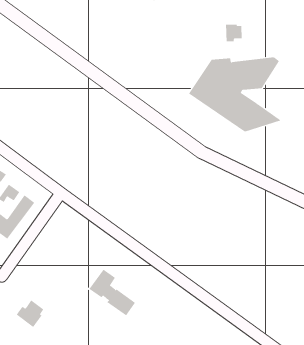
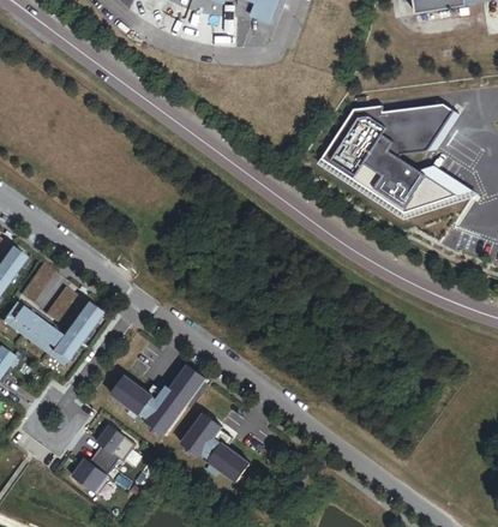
building: [225,24,242,42] -> none
building: none -> [108,361,203,430]
building: none -> [97,425,138,468]

